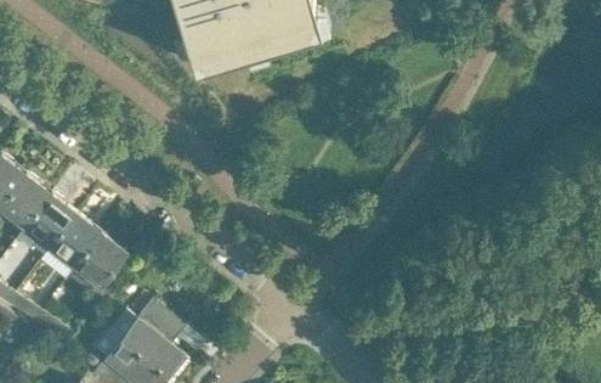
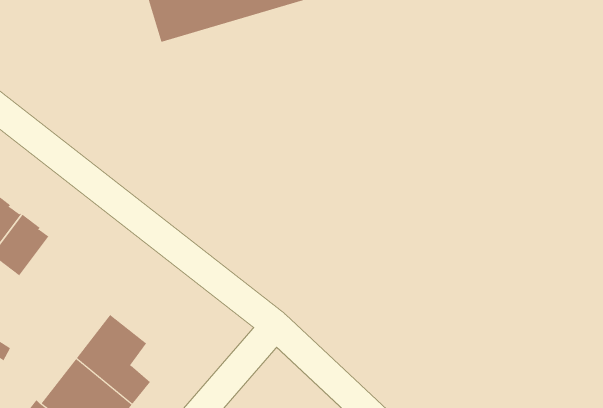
building: [72,232,124,288] -> none

